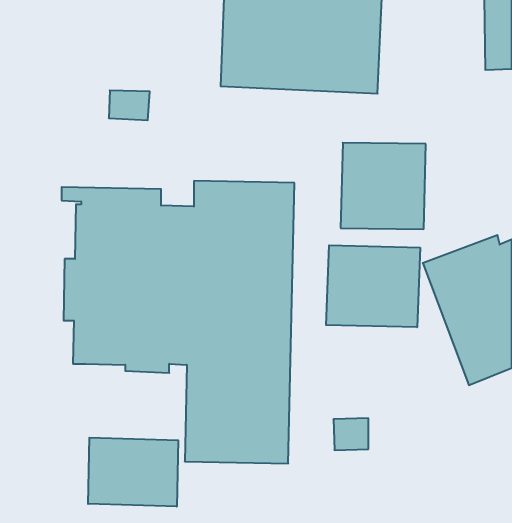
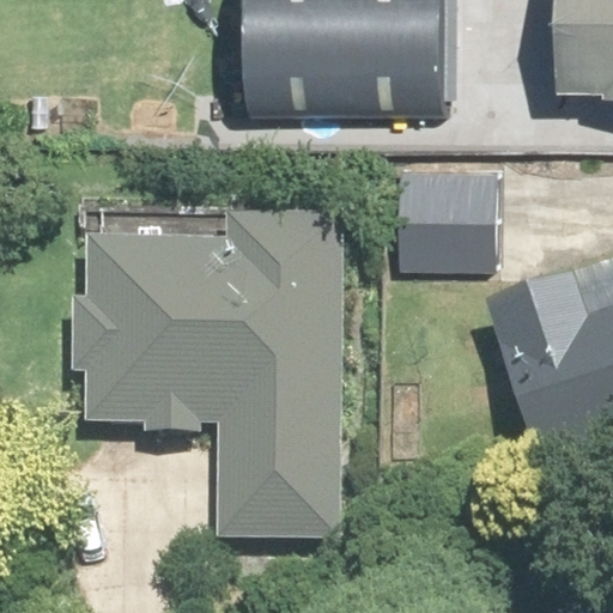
building: [326,245,420,327] -> none
building: [88,438,178,507] -> none

